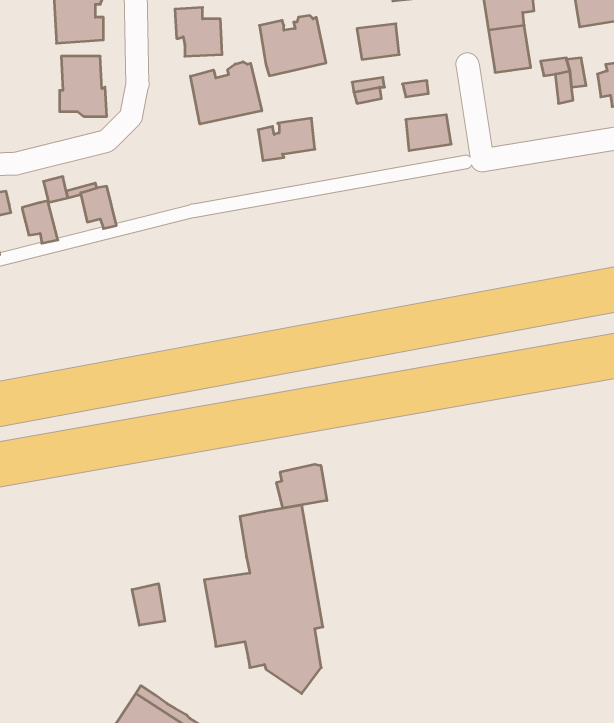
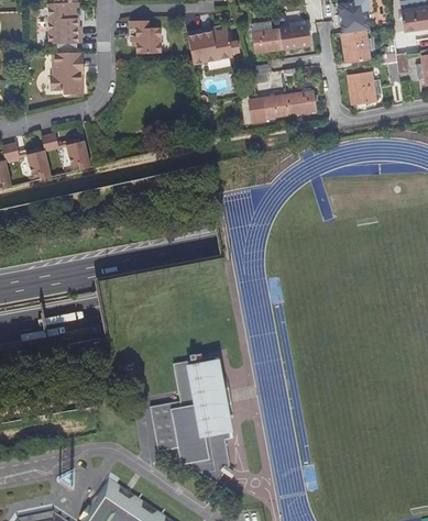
building: none -> [279,26,310,51]
building: [190,62,262,124] -> none
building: none -> [348,73,376,104]
building: [258,118,315,161] -> [250,95,288,123]
building: [277,464,327,508] -> none
building: [132,584,165,625] -> none

